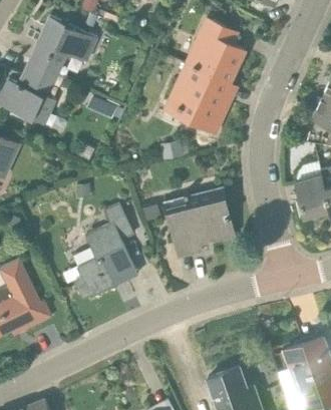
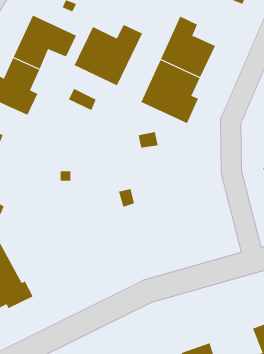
building: none -> [74,24,143,86]
building: [165,189,234,259] -> none
building: [73,202,136,303] -> none

